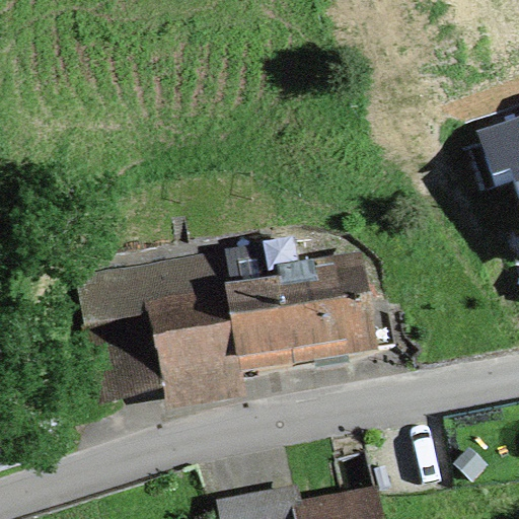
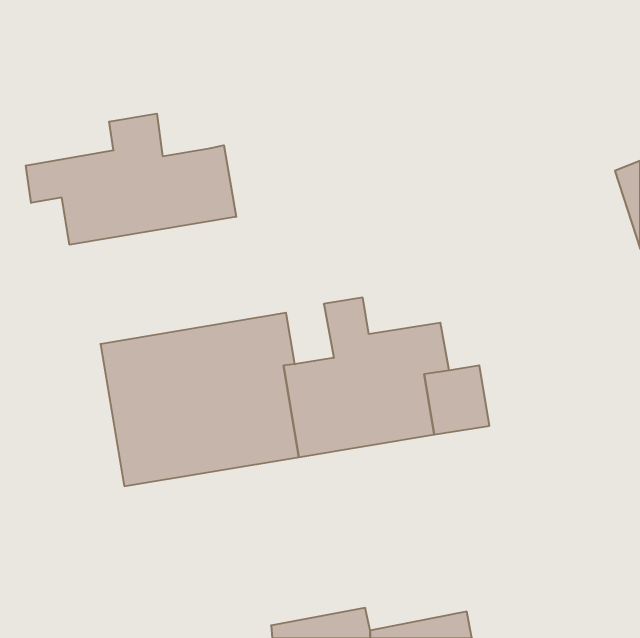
building: none -> [26,114,236,245]

